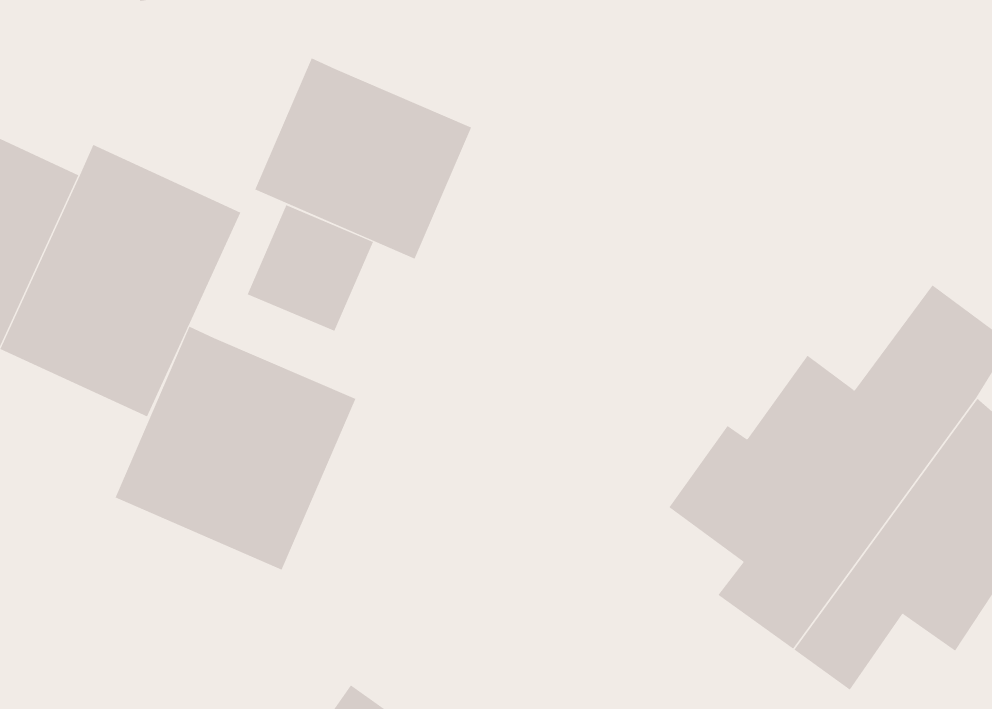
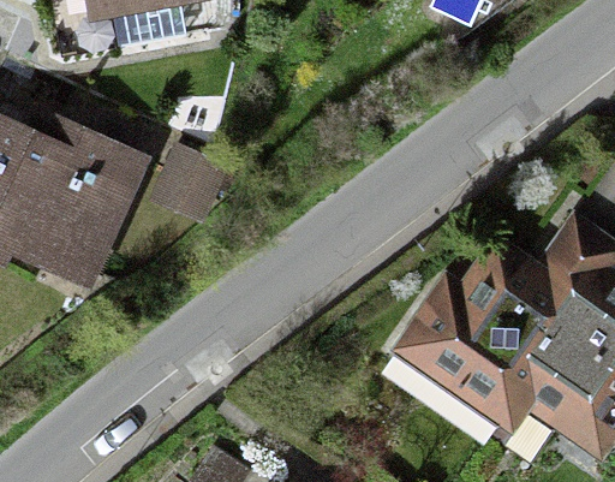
building: [254,58,472,259] -> none
building: [115,326,356,571] -> none

